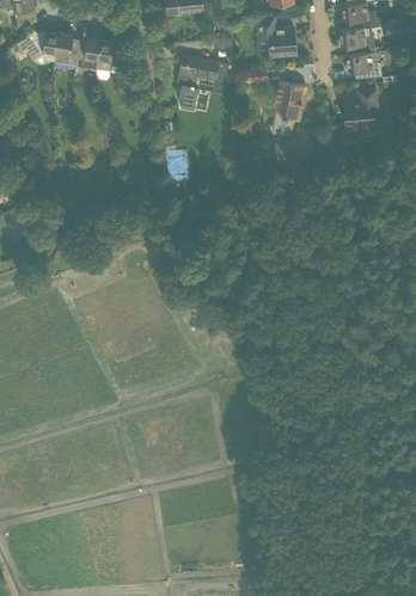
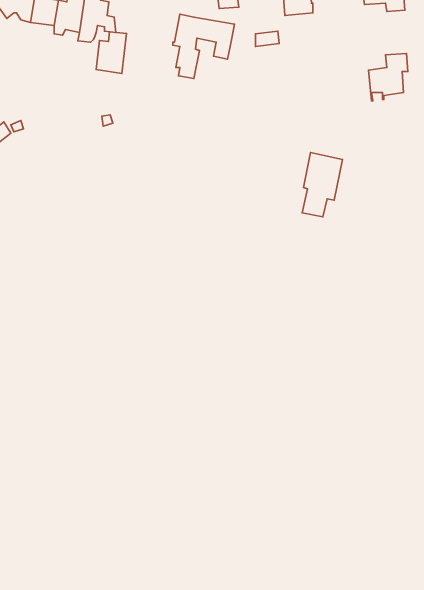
building: [344,49,381,76] -> none
building: none -> [96,32,126,74]
building: [271,79,306,134] -> [302,153,343,217]

